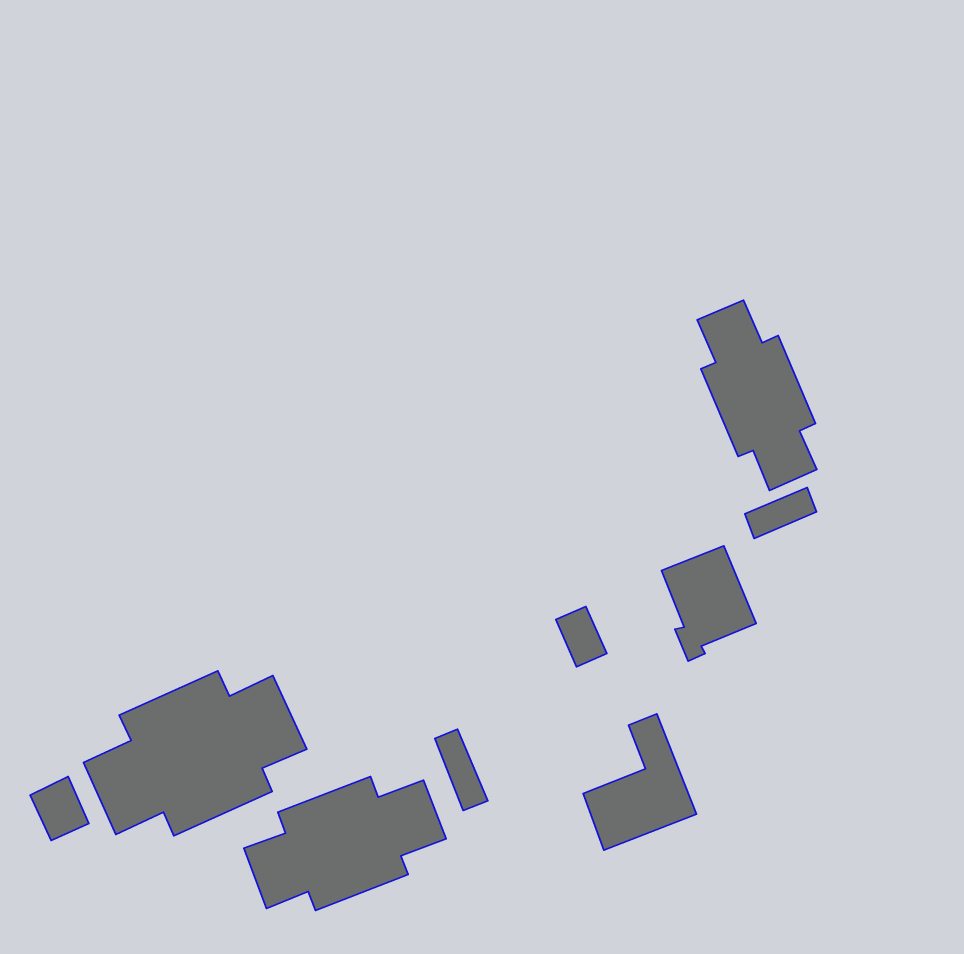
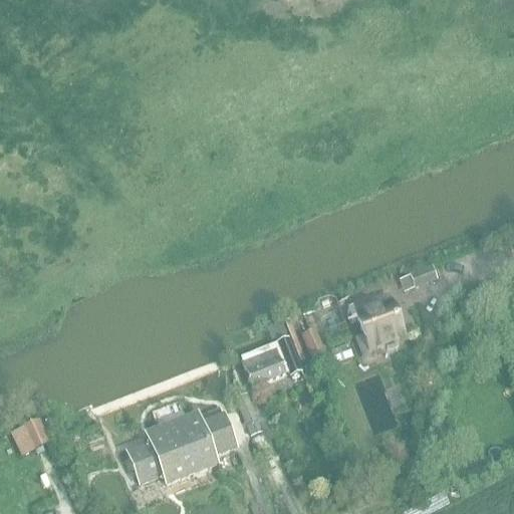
building: [697,300,817,490] -> none
building: [84,671,307,836] -> none
building: [583,714,697,850] -> [240,315,300,388]

